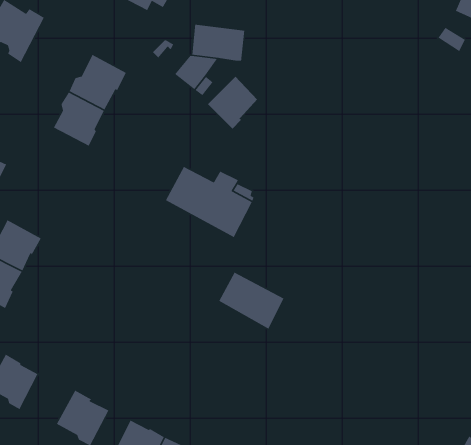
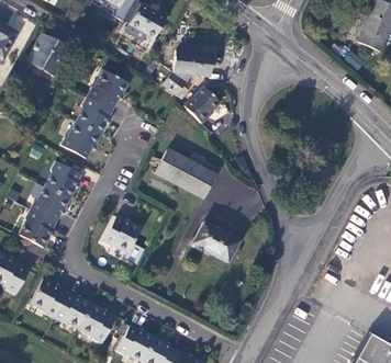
building: none -> [63,123,102,160]
building: none -> [45,161,80,200]
building: none -> [102,216,142,252]
building: none -> [54,294,92,329]

